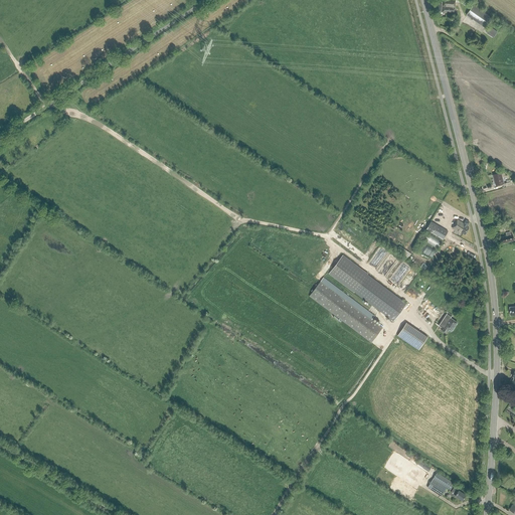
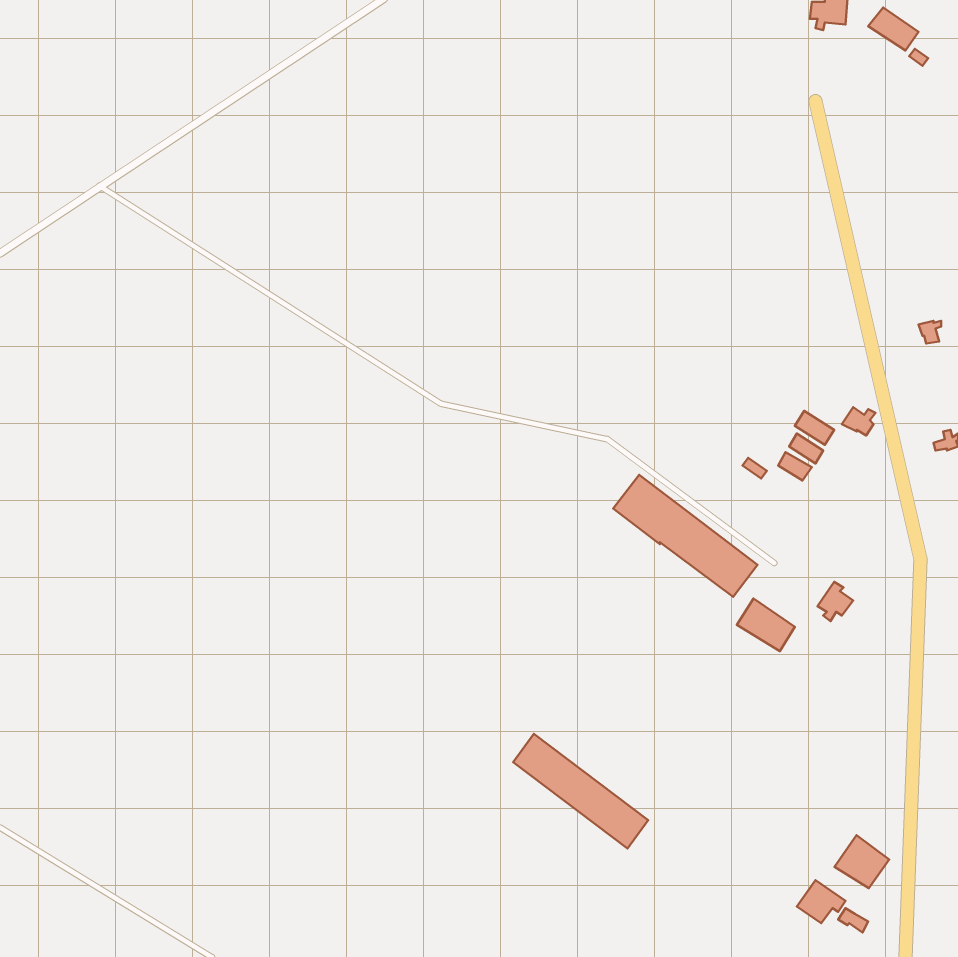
building: [310,281,382,342] -> [513,734,648,848]
building: none -> [835,835,889,888]

